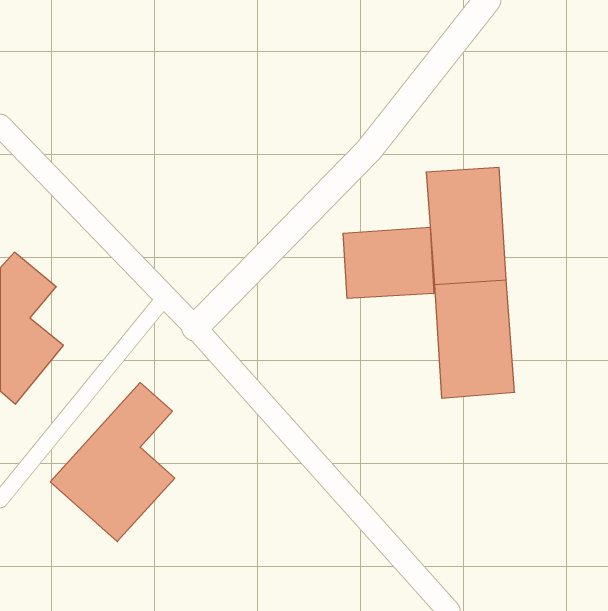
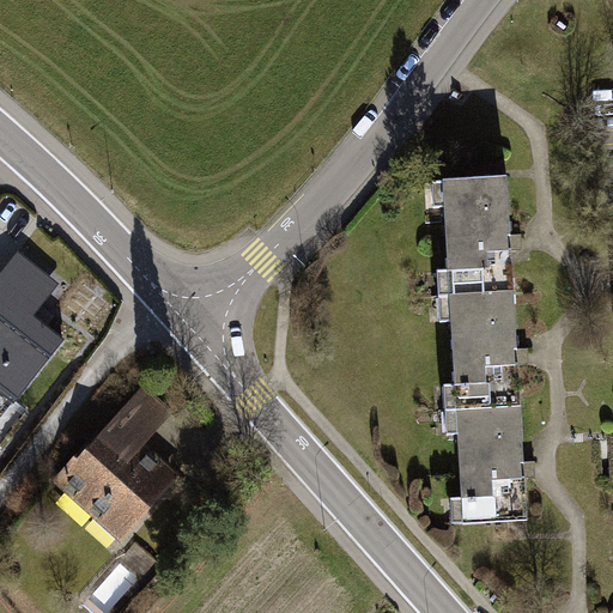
building: [343,227,434,298] -> none
building: none -> [445,394,526,512]

